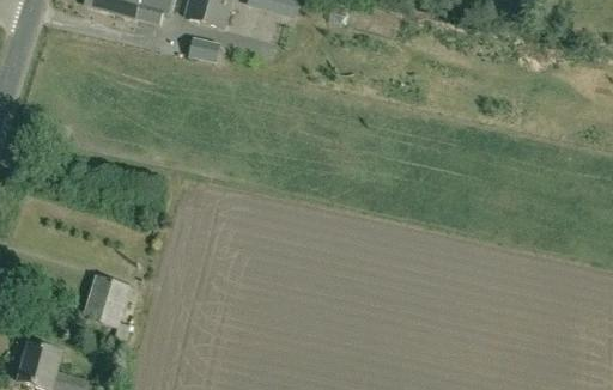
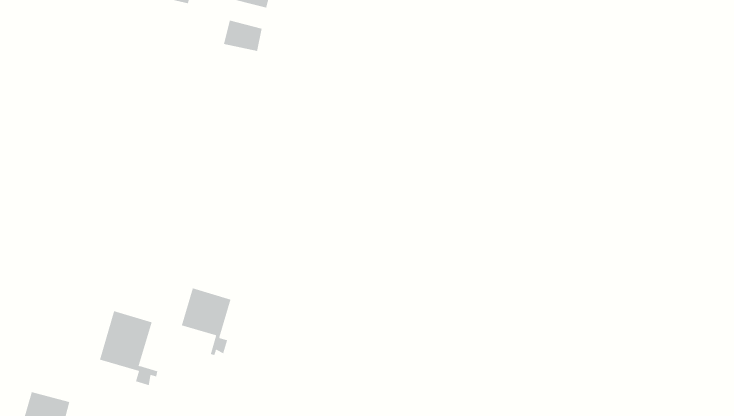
building: none -> [181,287,231,356]

